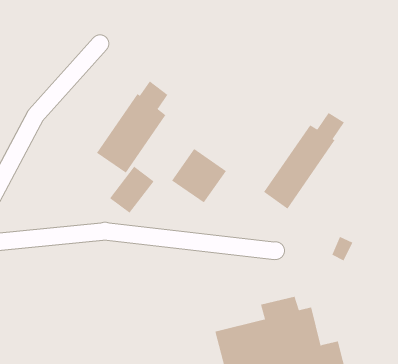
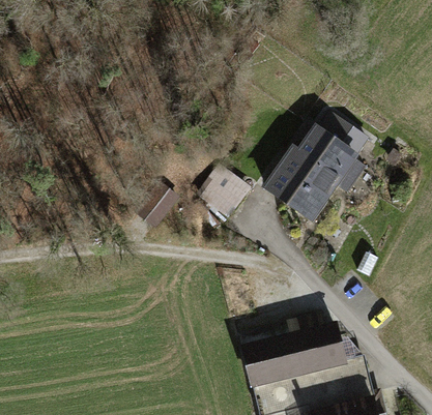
building: [96,81,168,173] -> none
building: none -> [262,110,353,206]

